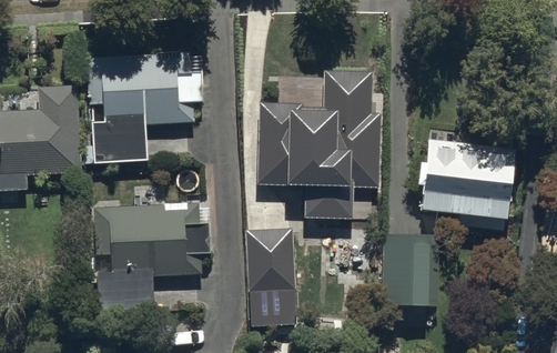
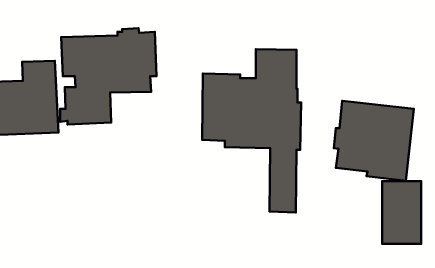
building: [95,202,209,315] -> none
building: [244,225,297,325] -> none
building: [384,232,432,309] -> [382,181,421,244]

